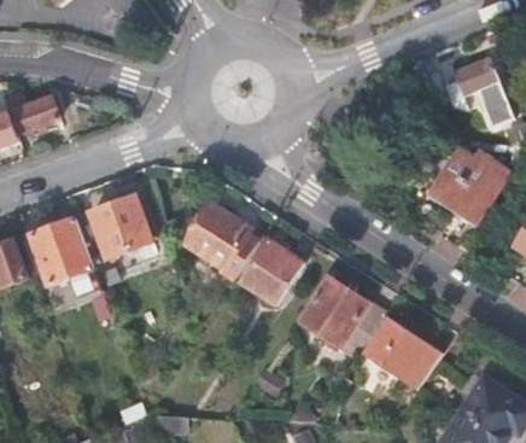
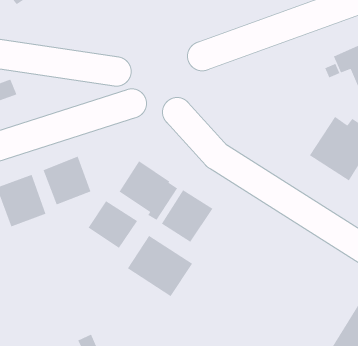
building: none -> [88,200,138,249]
building: [298,278,381,356] -> [127,235,193,297]
building: [363,317,442,389] -> none

